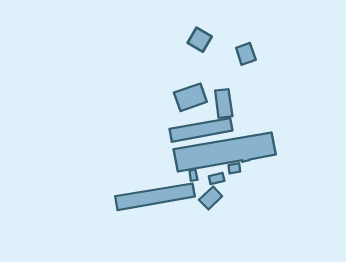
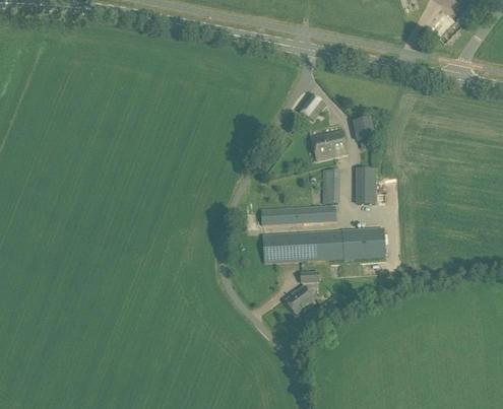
building: [174,83,207,111] -> [309,130,348,160]
building: none -> [357,169,375,204]
building: [115,183,195,210] -> none

